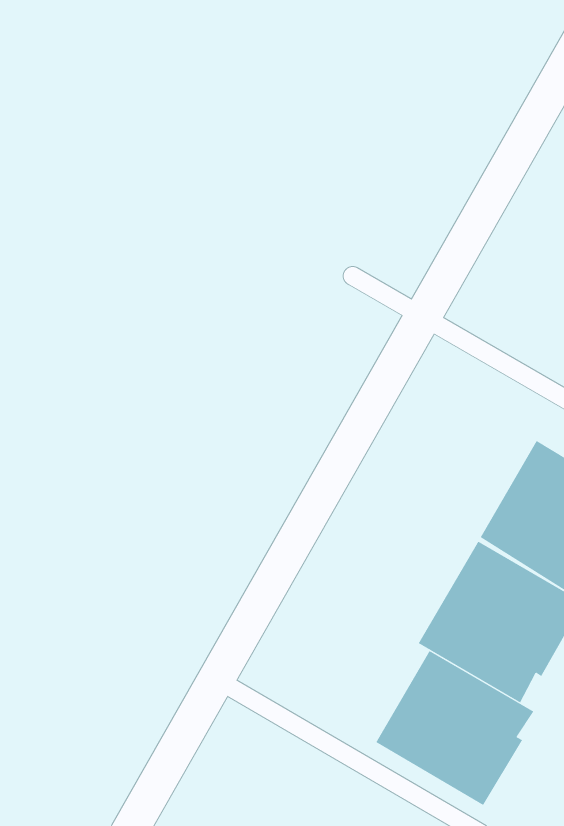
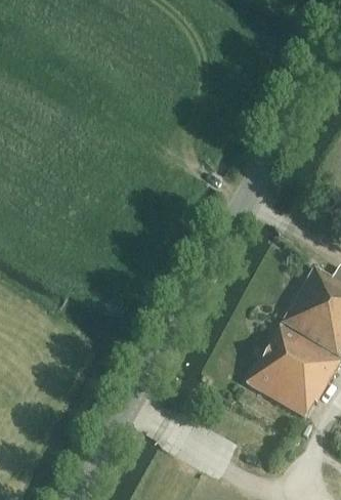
building: [375,650,534,806] -> none

